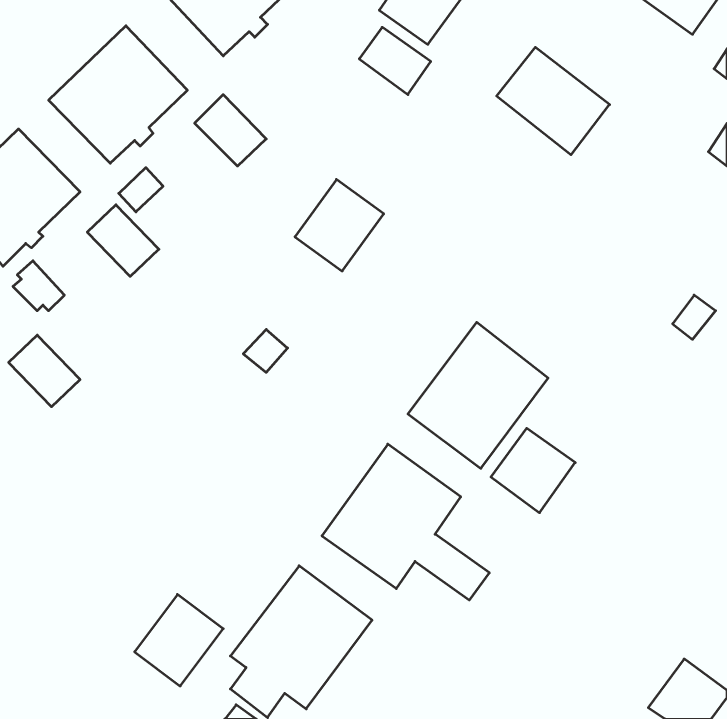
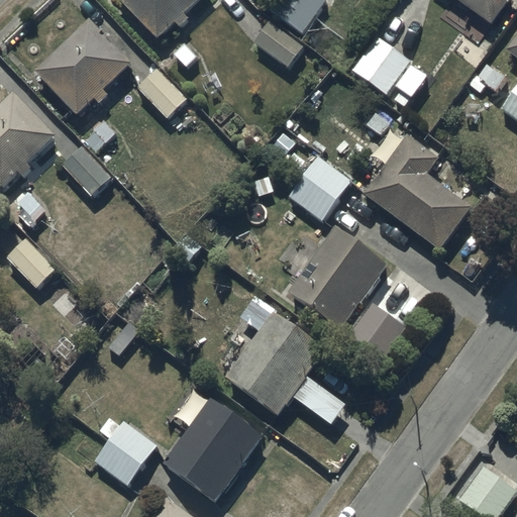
building: [295,179,384,271] -> [289,154,351,219]
building: none -> [361,135,471,250]

